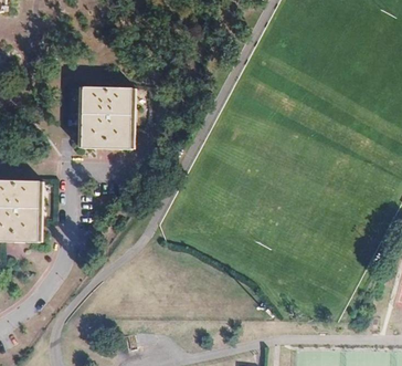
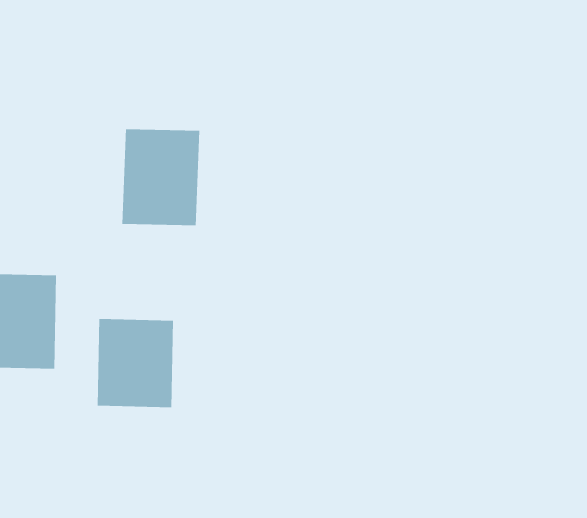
building: none -> [97,318,173,408]

